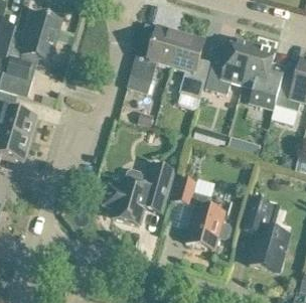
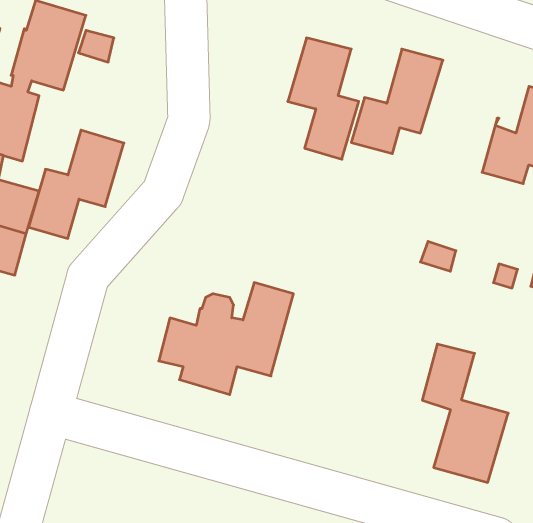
building: [130,25,181,84] -> [29,130,124,238]
building: [243,44,280,107] -> none
building: [174,177,232,250] -> none

